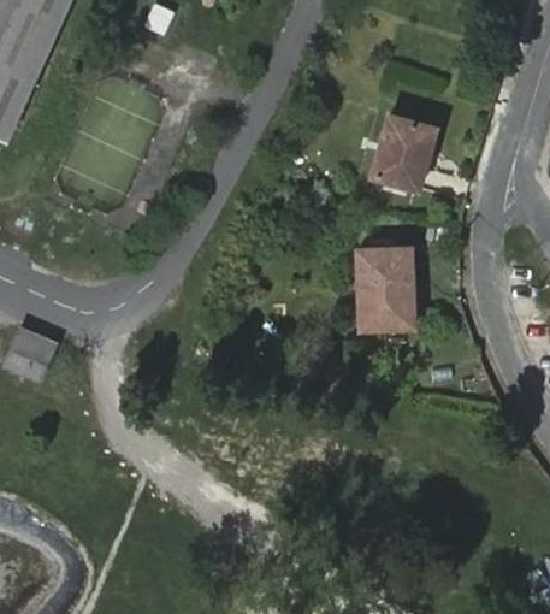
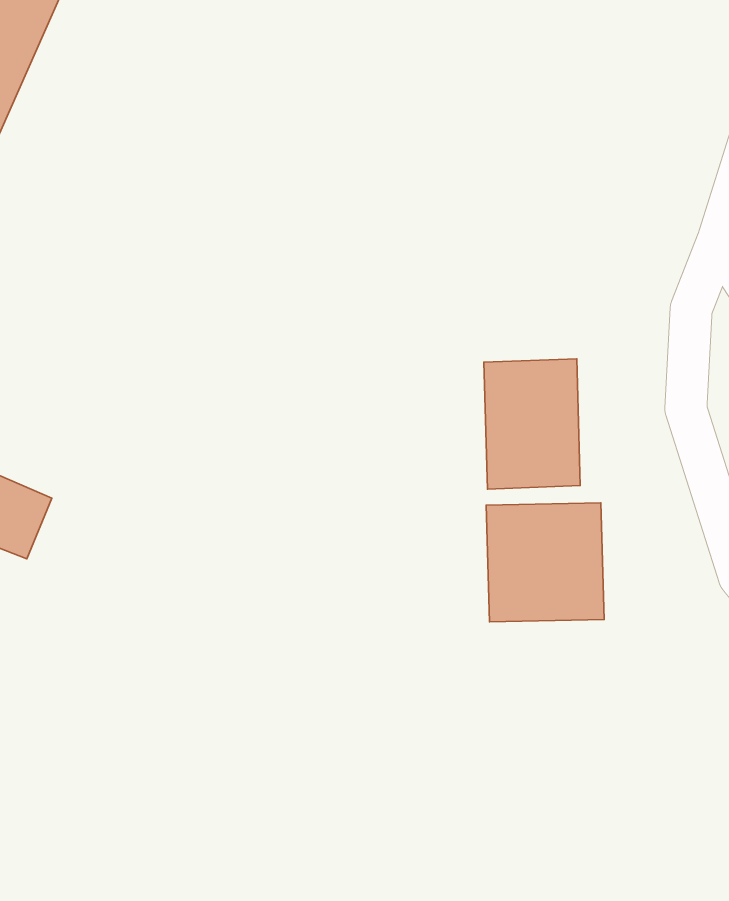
building: [369,113,440,194] -> none
building: none -> [486,503,604,622]

